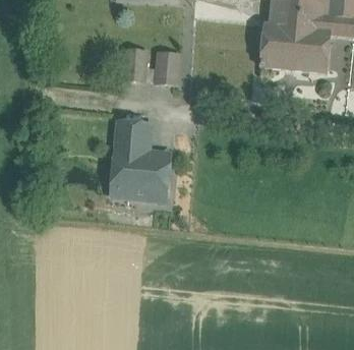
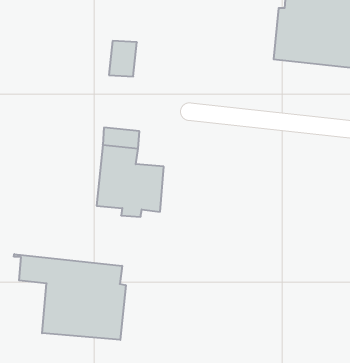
building: [156,51,179,81] -> none
building: none -> [14,254,126,340]

